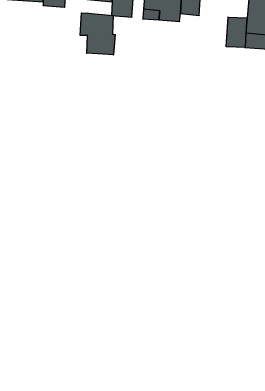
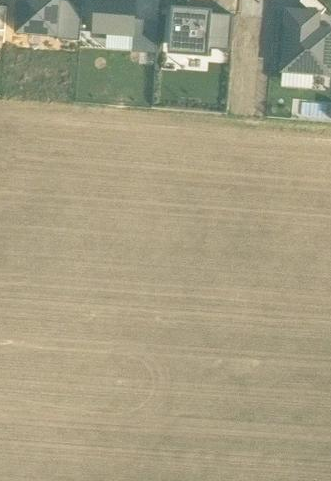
building: [80,13,115,55] -> none
building: [226,17,247,47] -> none

